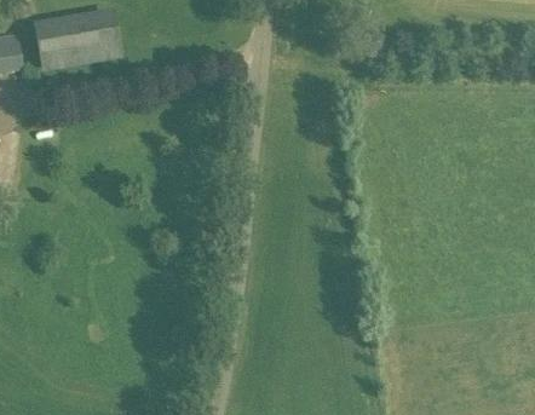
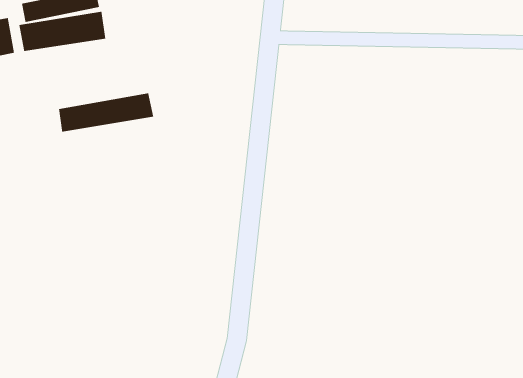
building: none -> [58,93,154,133]

